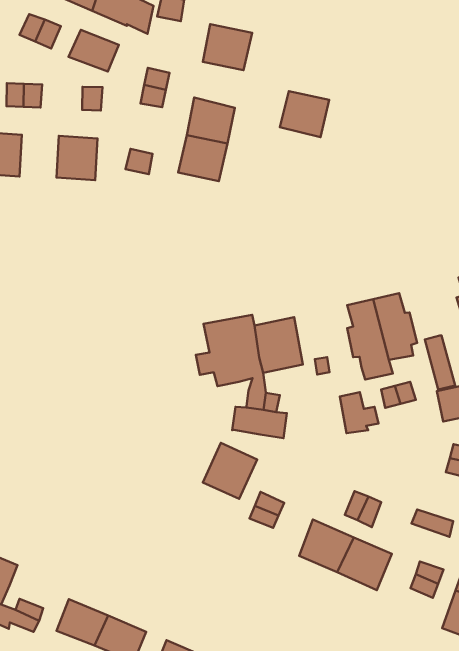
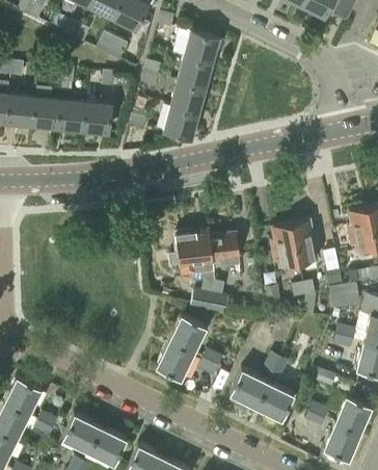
building: [280,91,329,137] -> [178,58,212,90]
building: none -> [57,101,85,131]
building: none -> [157,342,193,378]

